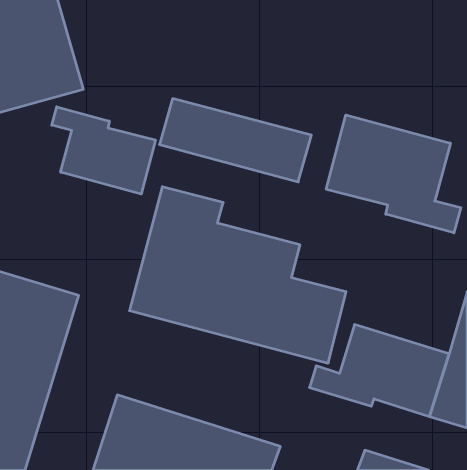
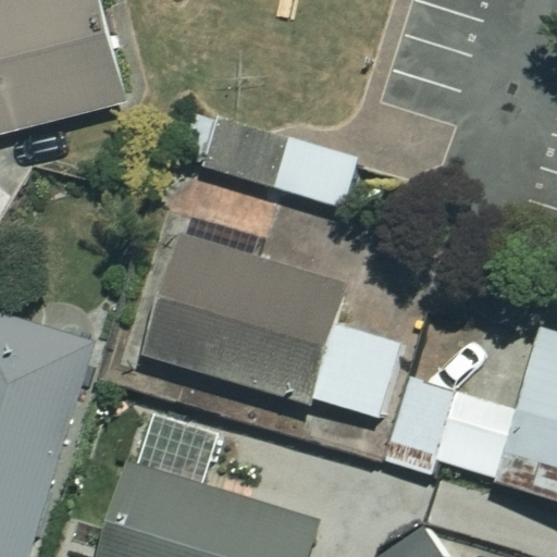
building: [52,107,155,194] -> none
building: [326,115,461,233] -> none

